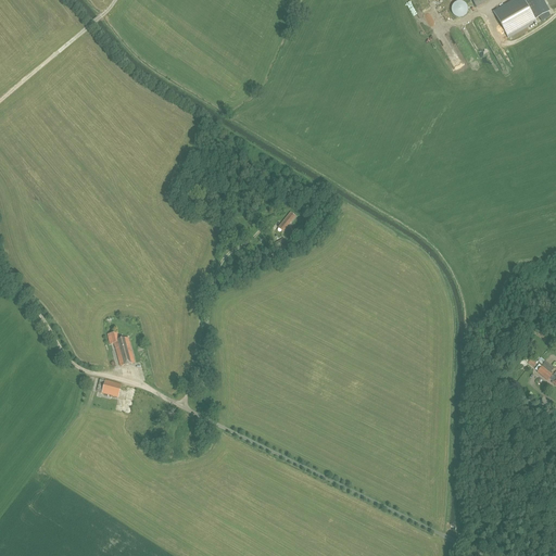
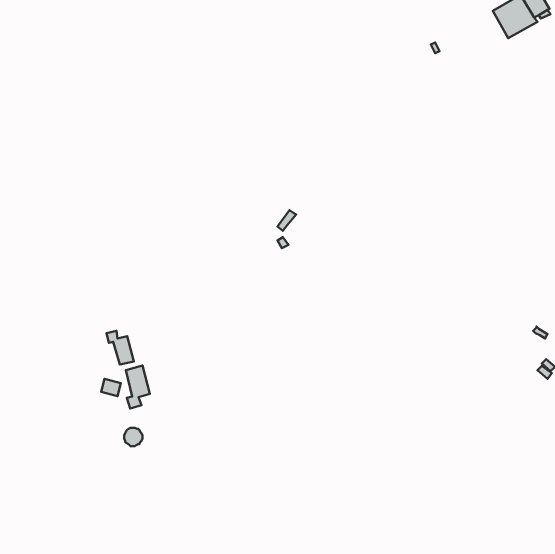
building: none -> [126,365,150,409]

